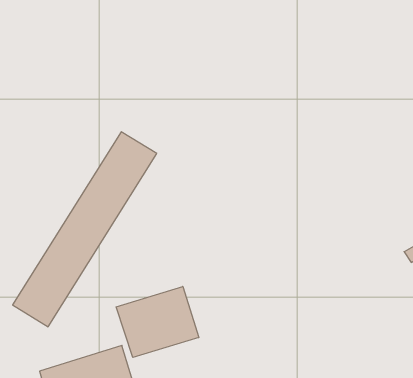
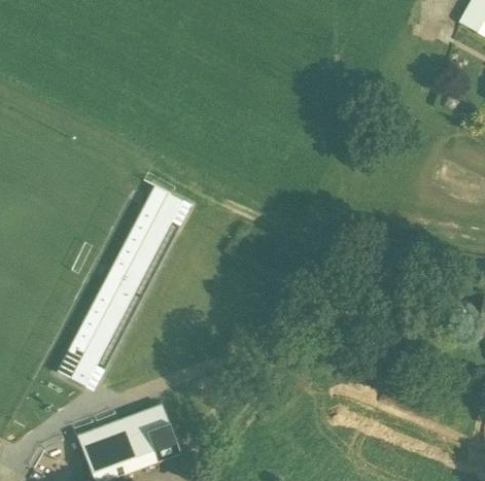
building: [116,286,199,357] -> none

